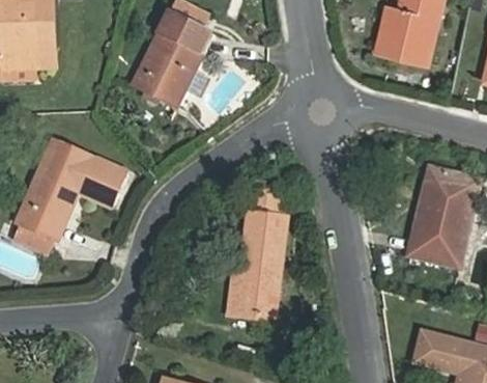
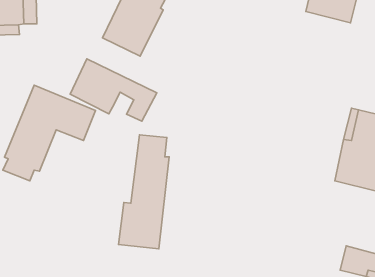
building: none -> [70,59,157,121]
building: [226,188,286,323] -> [118,135,169,249]

